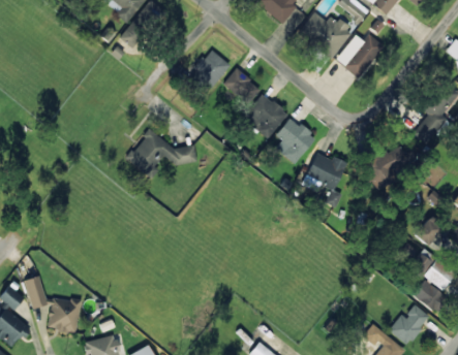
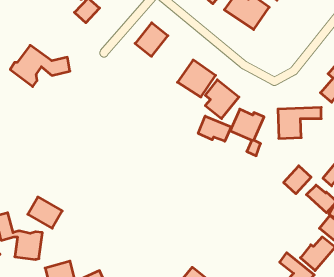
building: [335,33,384,77] -> none
building: [223,67,261,104] -> none
building: [125,129,196,179] -> [10,45,70,87]
building: none -> [198,116,231,141]
building: none -> [284,166,311,194]
building: none -> [28,197,62,228]

